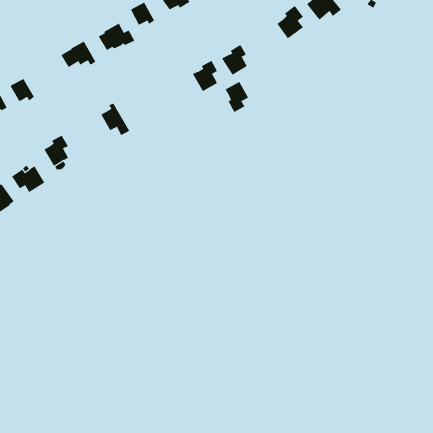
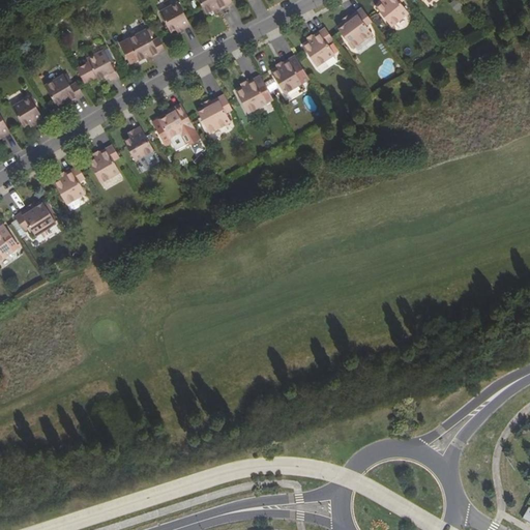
building: none -> [300,27,332,66]
building: none -> [43,73,83,106]
building: none -> [197,93,231,132]
building: [225,81,249,113] -> none
building: none -> [151,102,199,149]
building: none -> [88,143,119,181]

